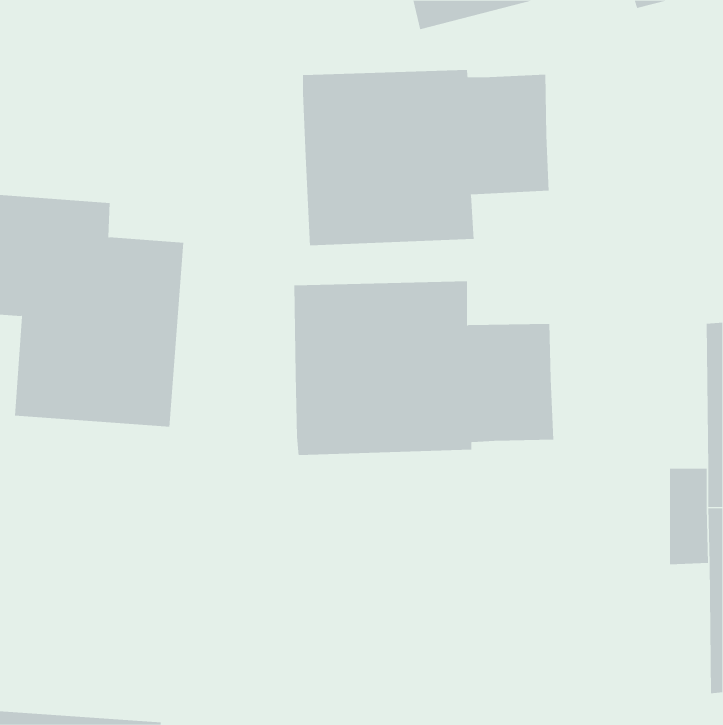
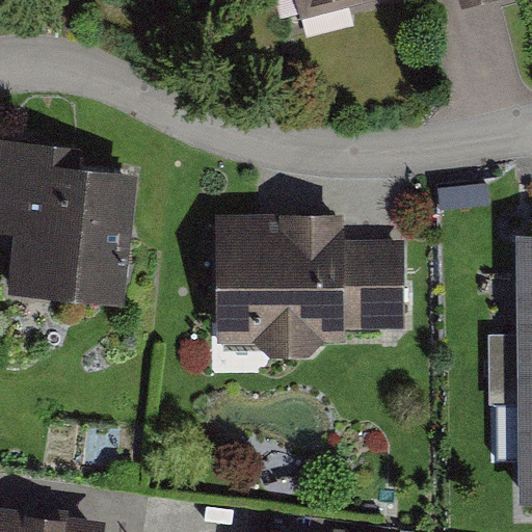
building: [302,69,549,246] -> none

